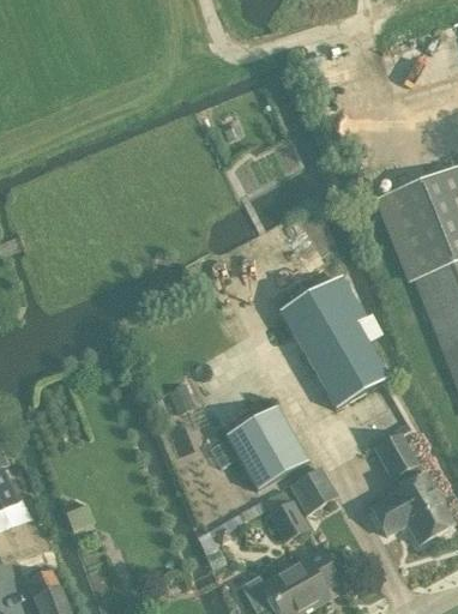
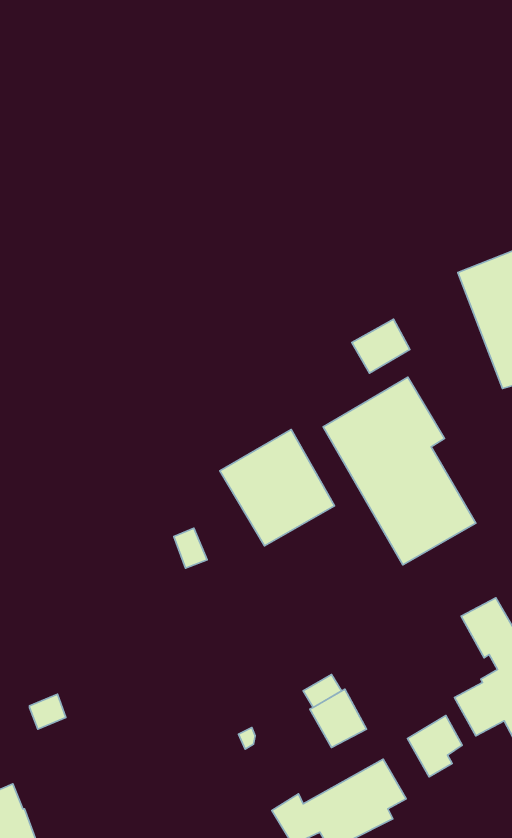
building: none -> [352,319,410,373]
building: [225,407,308,490] -> [220,429,334,546]
building: [295,465,335,510] -> [408,715,462,777]

